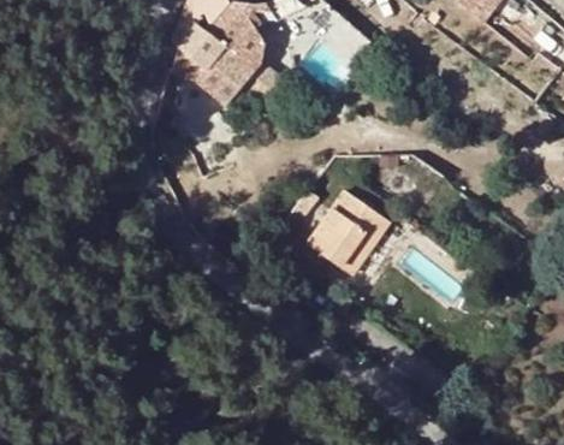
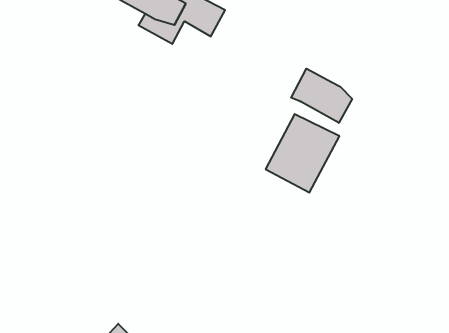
building: none -> [291,69,352,123]

